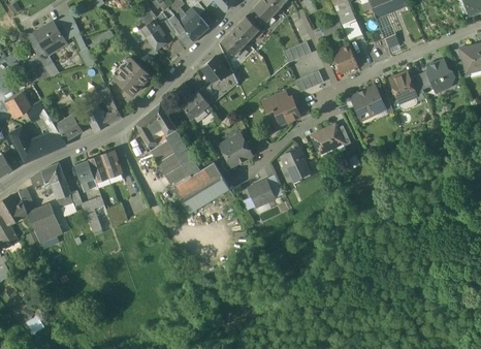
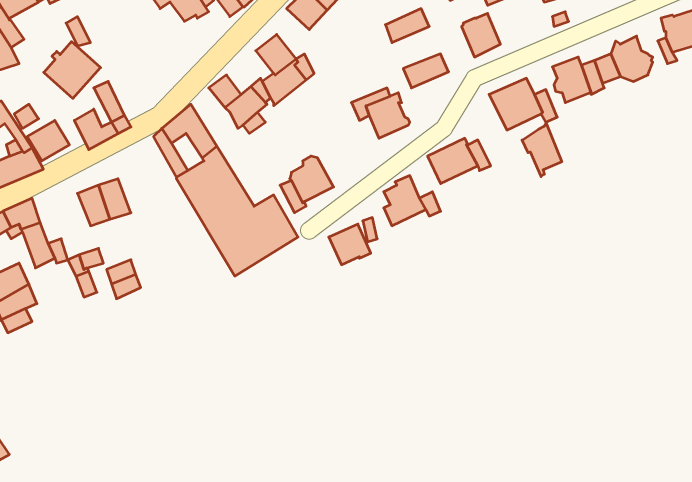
building: [114,58,150,94] -> [44,42,101,98]
building: none -> [522,123,562,177]
building: [74,159,97,189] -> none

